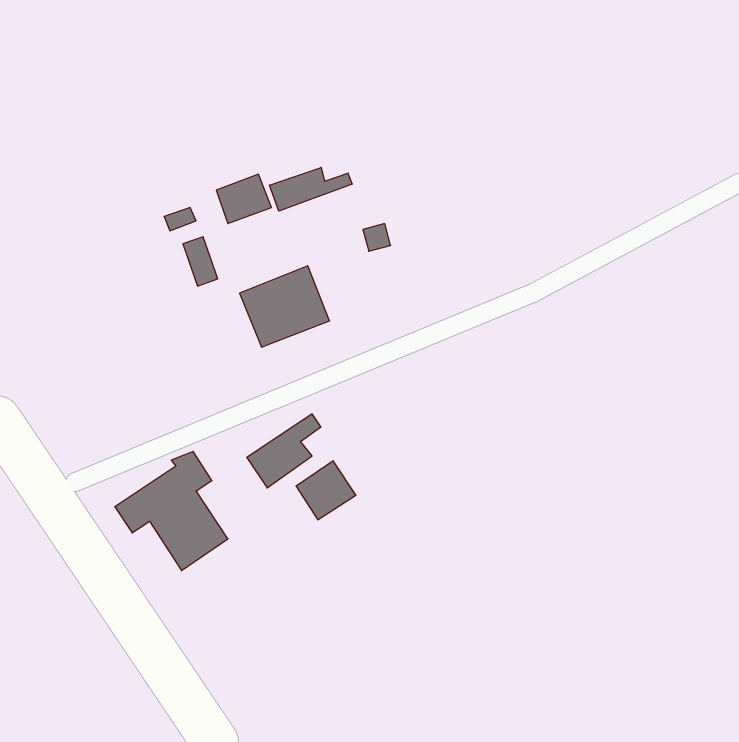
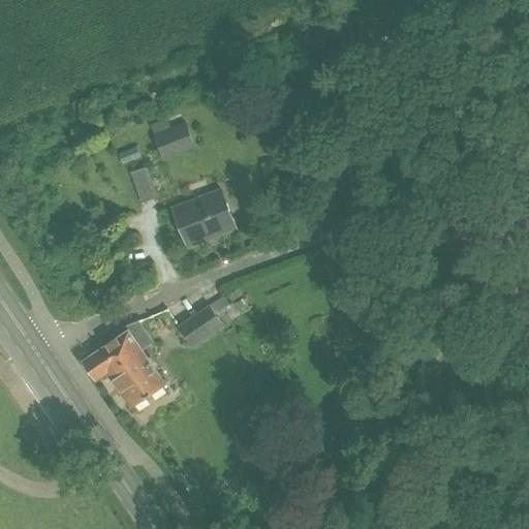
building: [269,167,352,211] -> none
building: [296,461,356,520] -> none

